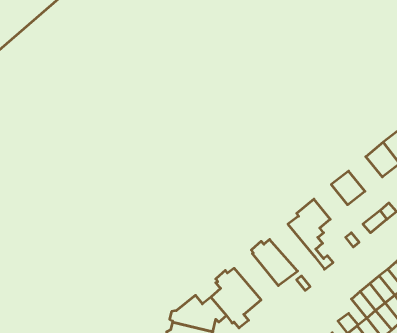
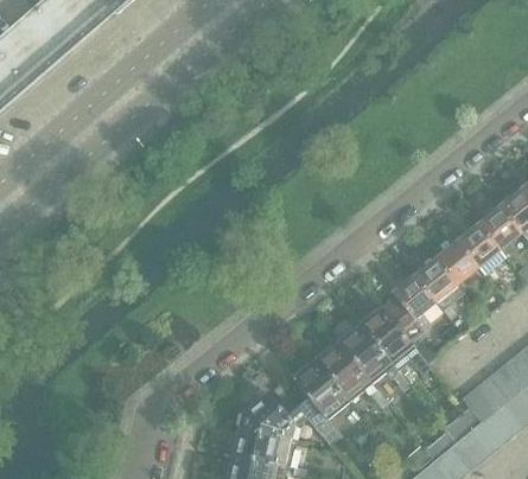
building: none -> [457,223,504,273]
building: none -> [414,257,464,309]
building: none -> [358,306,432,371]
building: none -> [314,343,388,408]

